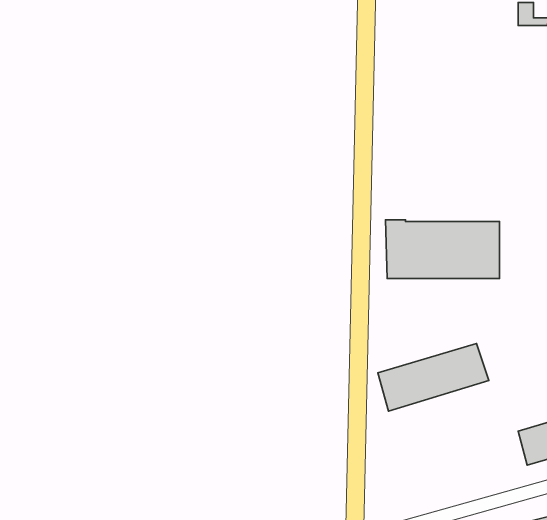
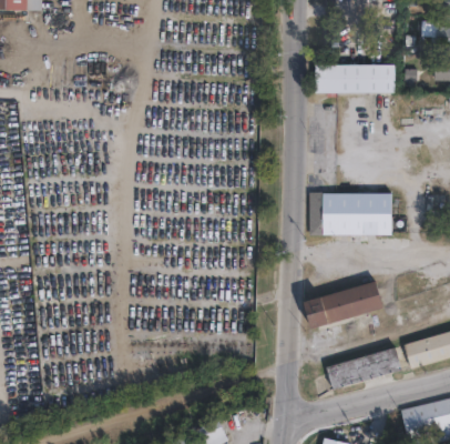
building: none -> [316,63,395,92]
building: none -> [327,347,402,389]

